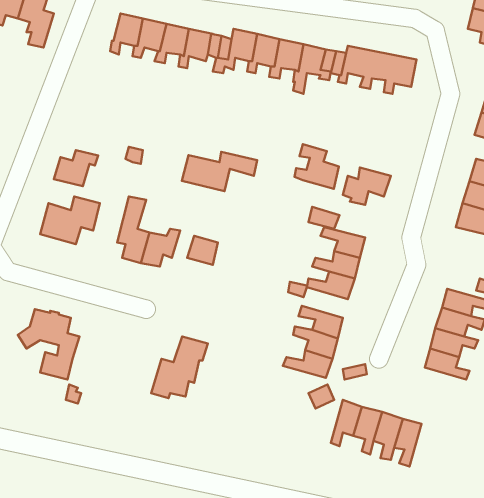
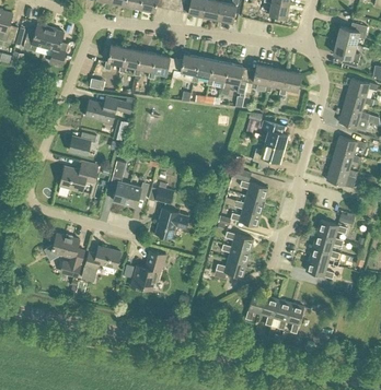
building: [294,144,339,189] -> [259,119,288,147]
building: [182,152,257,191] -> [85,97,134,122]
building: none -> [155,208,188,237]
building: none -> [82,245,122,281]

